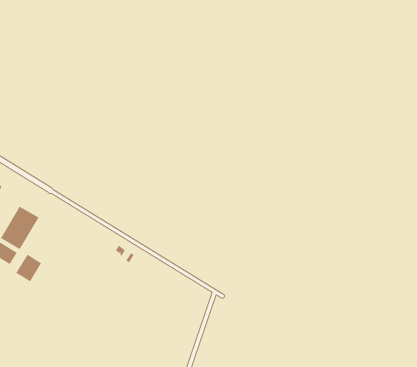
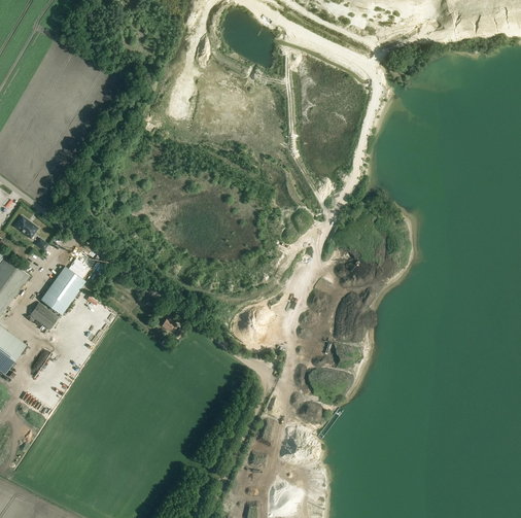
building: [16,254,42,282] -> none

